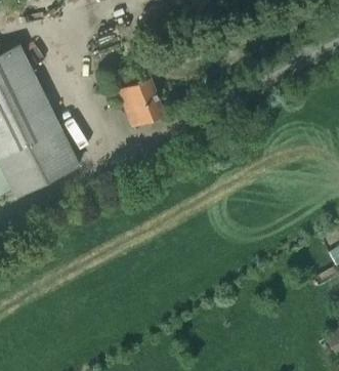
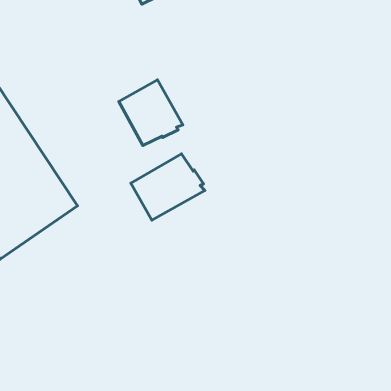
building: none -> [131,154,205,220]

